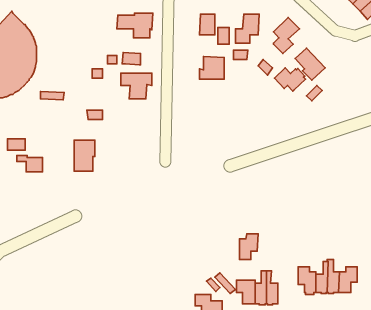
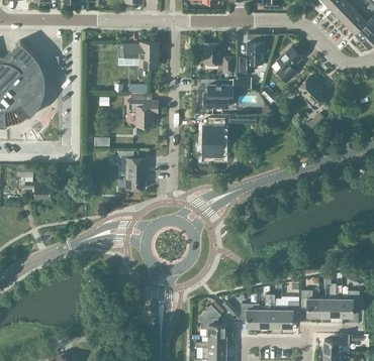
building: [275,68,305,91] -> none
building: none -> [203,119,224,158]
building: [74,140,95,171] -> [126,159,147,190]
building: [239,234,258,260] -> [281,303,299,328]

